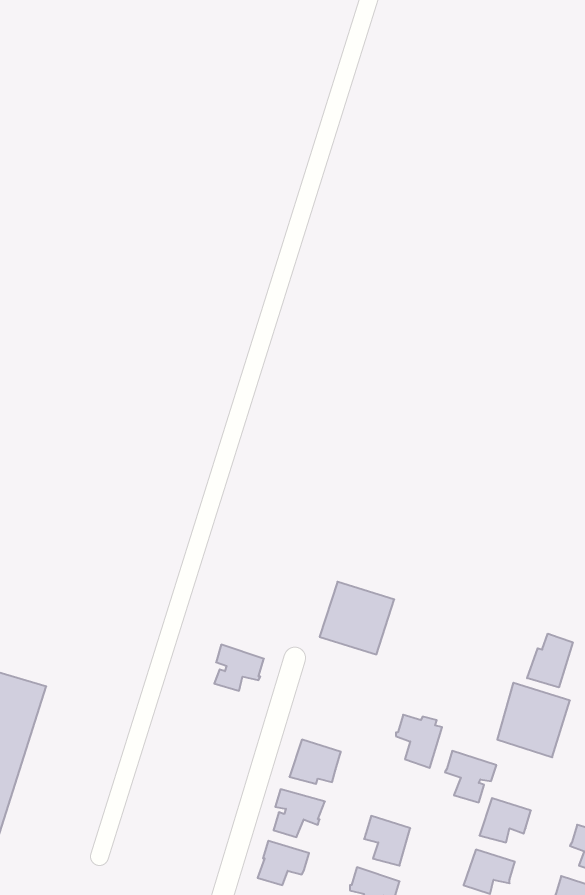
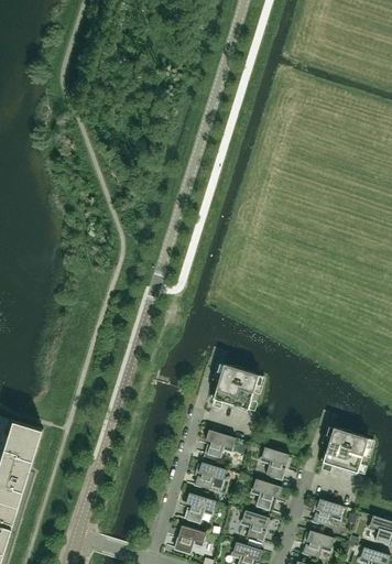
building: [527,634,573,687] -> none
building: [214,645,264,691] -> [205,430,236,458]
building: [445,751,496,802] -> [251,479,283,511]

